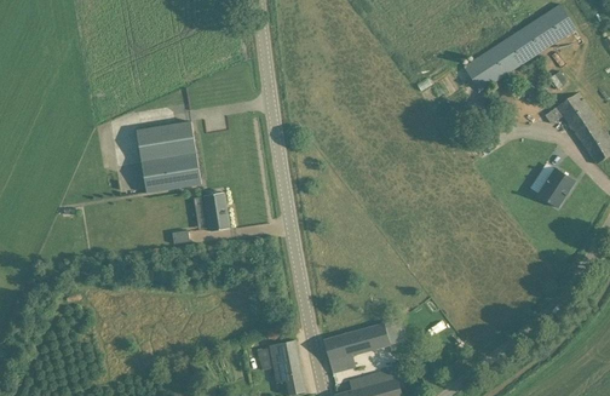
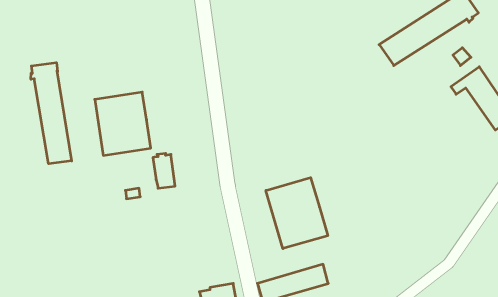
building: none -> [31,63,72,164]
building: [537,167,575,208] -> none
building: none -> [266,178,328,249]

